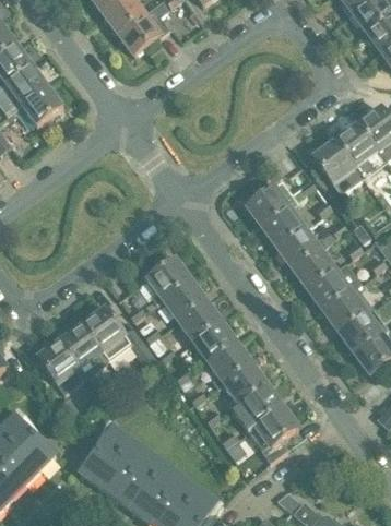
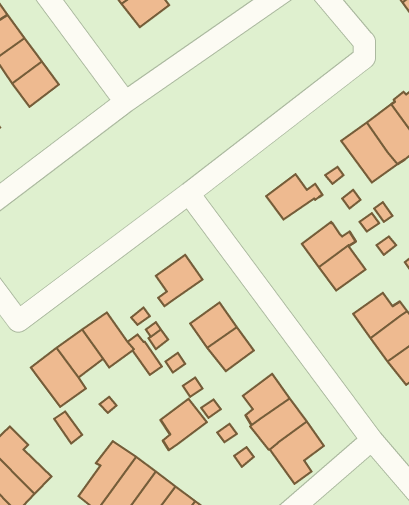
building: [262,206,312,248] -> none
building: [309,263,360,310] -> none
building: [164,279,205,319] -> none
building: [211,343,252,388] -> [160,399,207,450]

